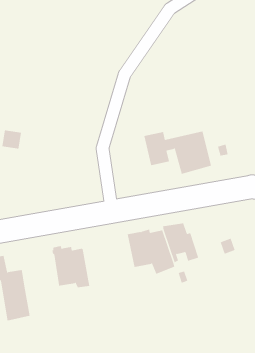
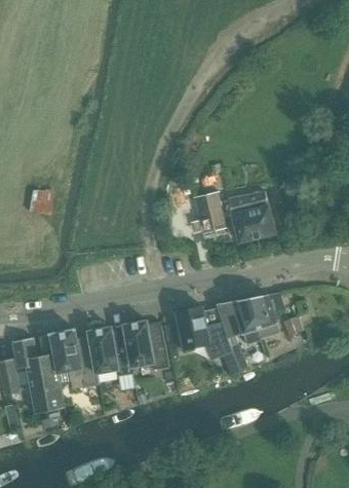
building: none -> [242,293,285,339]
building: none -> [123,320,168,369]
building: none -> [39,329,98,390]

